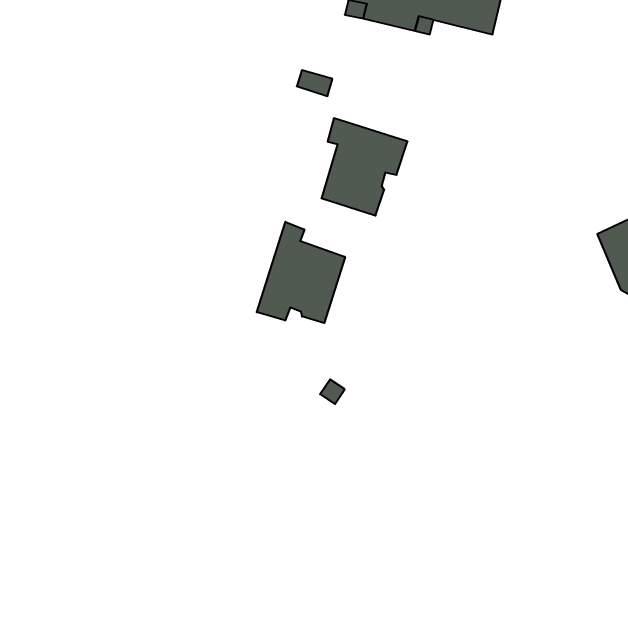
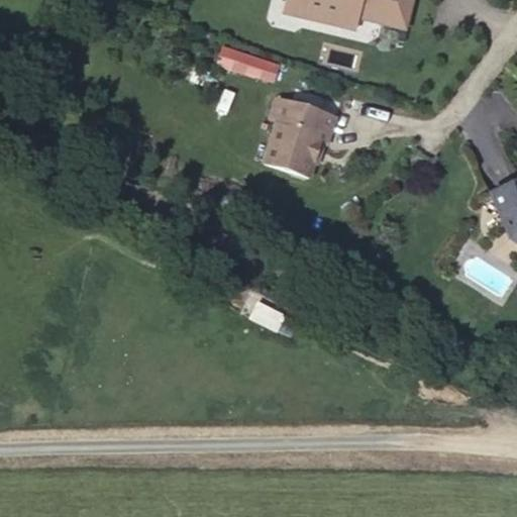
building: [257,222,345,323] -> none

